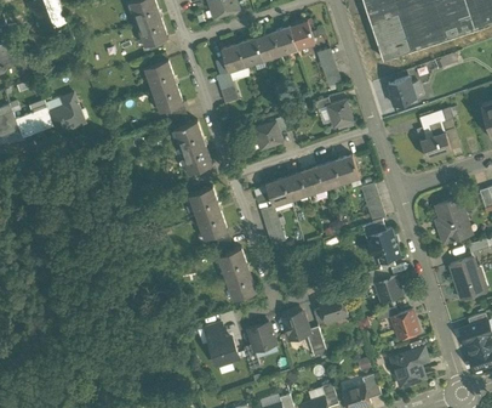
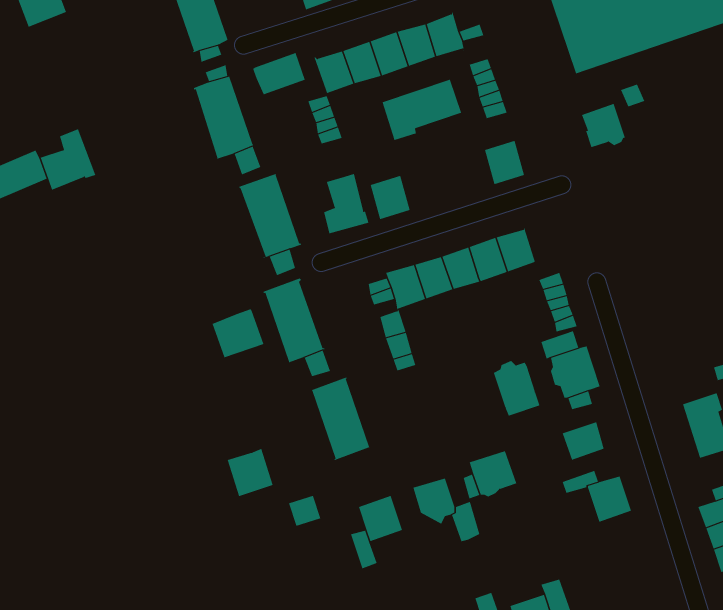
building: none -> [252,52,305,95]
building: none -> [382,79,462,141]
building: none -> [323,173,369,234]
building: [419,132,450,159] -> none
building: [435,199,470,244] -> none
building: none -> [212,308,264,358]
building: none -> [493,360,540,416]
building: [208,335,238,365] -> [227,448,273,497]
building: [390,348,427,389] -> none

